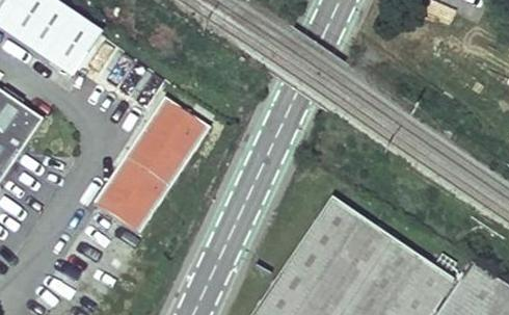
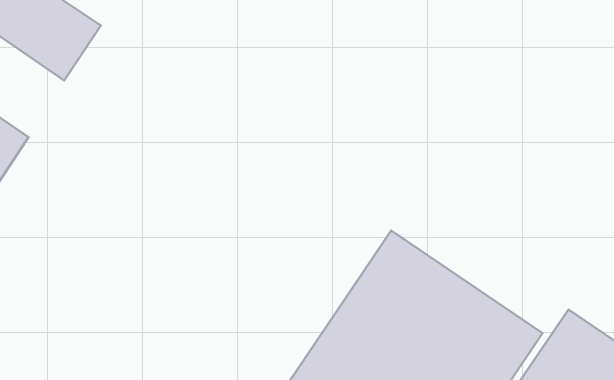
building: [96,99,210,231] -> none

